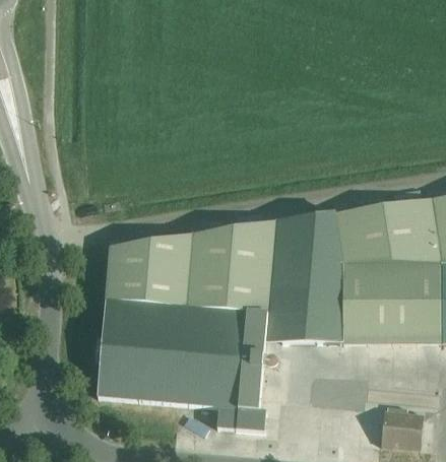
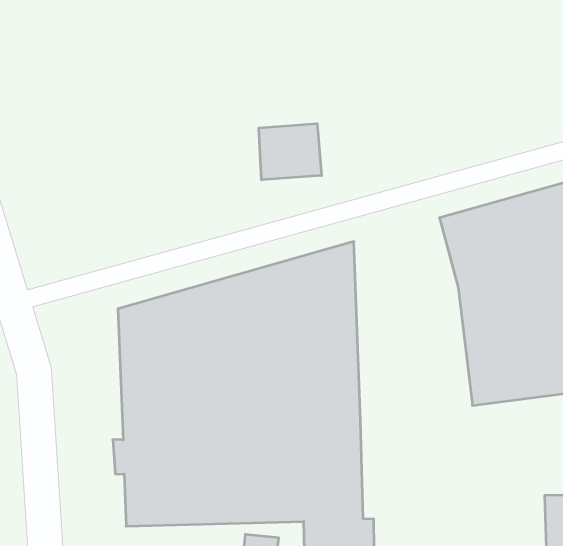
building: none -> [259,124,322,180]
building: [265,211,342,342] -> none

